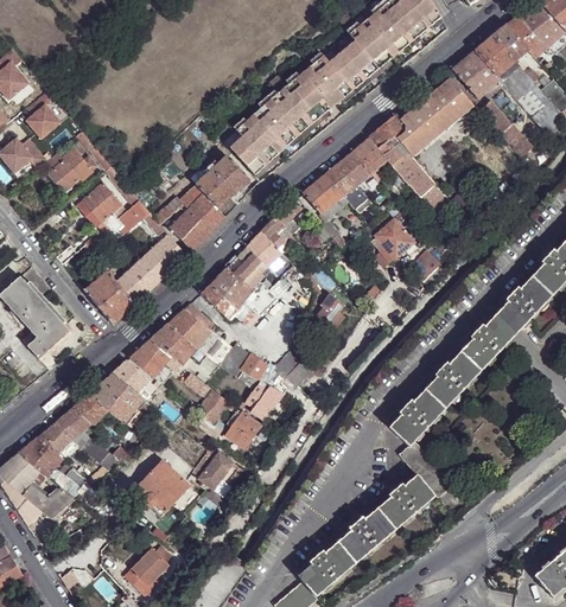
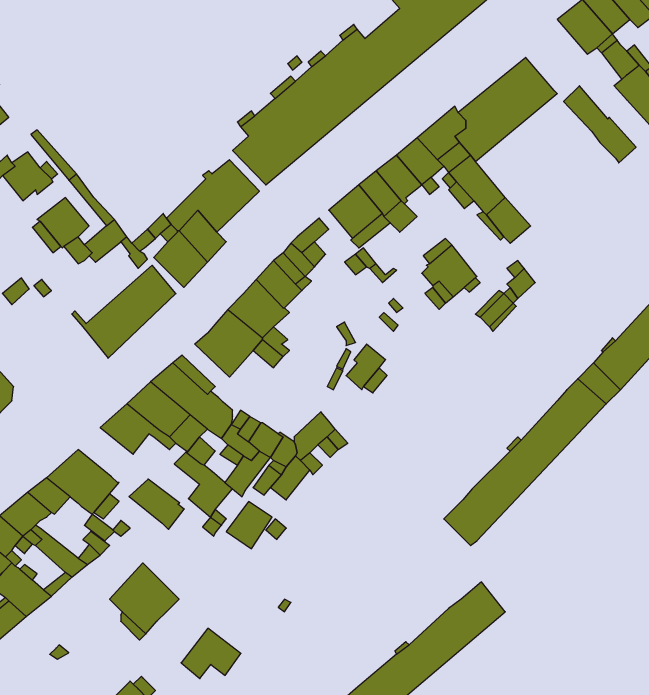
building: [451,50,498,98] -> none
building: [84,271,135,325] -> none
building: [113,360,154,398] -> [129,479,184,529]
building: [400,442,449,496] -> none
building: [197,452,242,490] -> [181,628,241,679]

